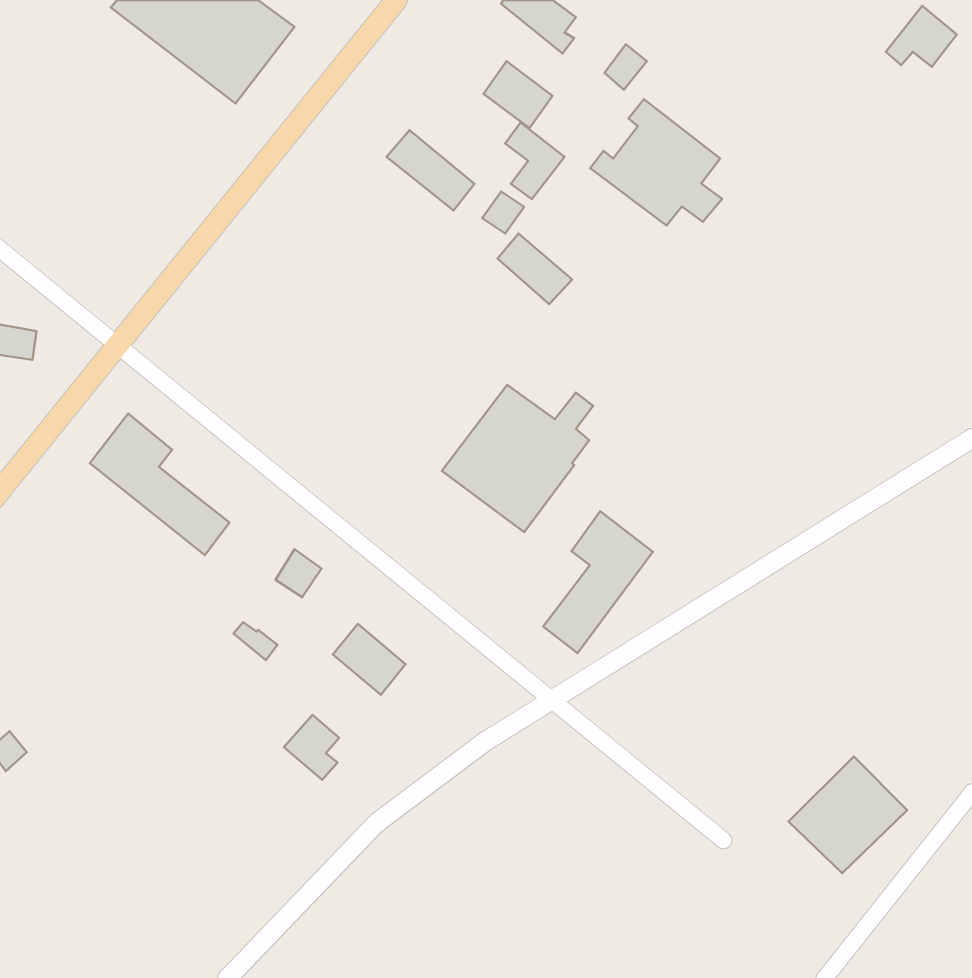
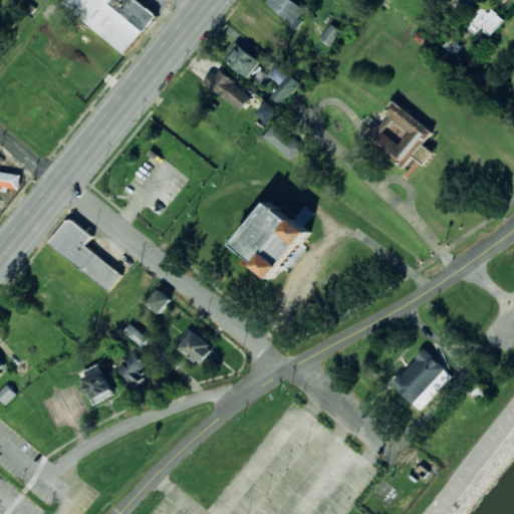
building: [483,61,552,128] -> [221,42,257,77]
building: [590,99,722,226] -> [362,100,432,167]
building: [543,511,653,653] -> none
building: none -> [78,368,111,404]
building: [284,715,339,780] -> [115,351,145,386]
building: [789,756,907,873] -> [389,348,451,410]

